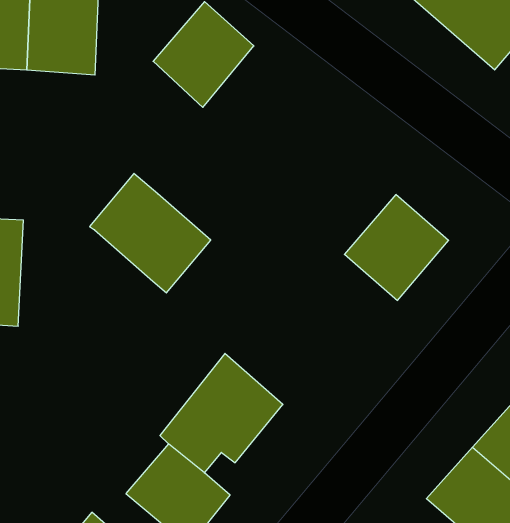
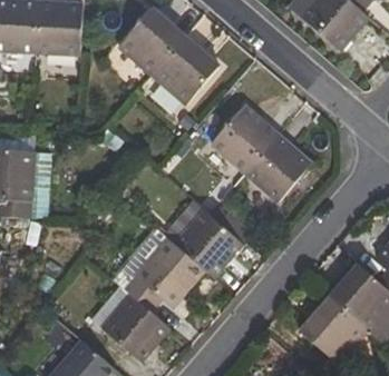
building: none -> [150,37,218,106]
building: none -> [211,106,276,172]
building: [90,173,211,293] -> [162,200,241,278]

